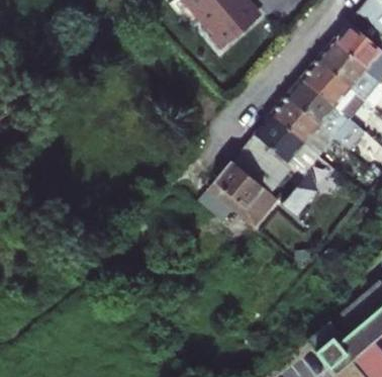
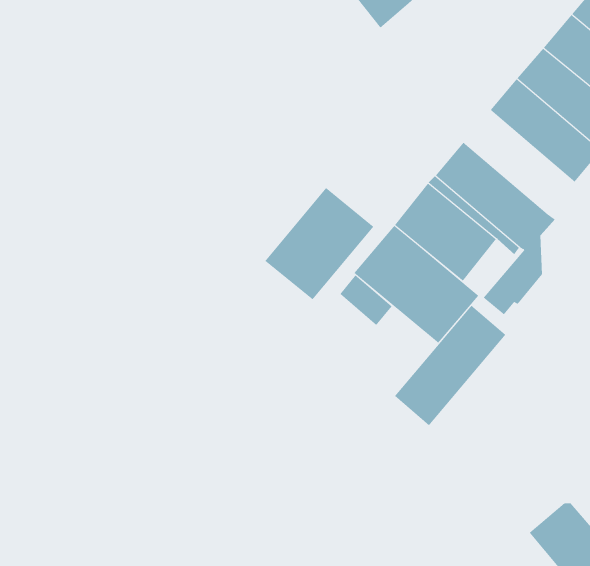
building: [271,98,335,158] -> none
building: none -> [264,187,374,300]
building: none -> [394,305,506,426]

